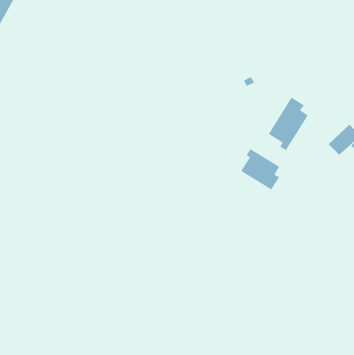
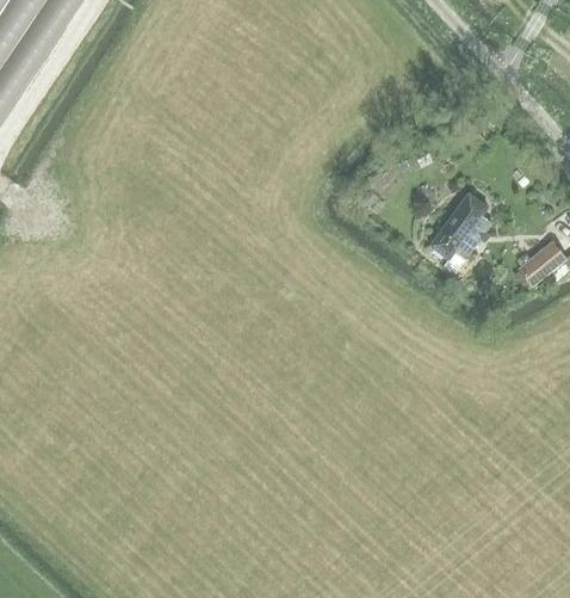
building: [240,148,280,191] -> none

